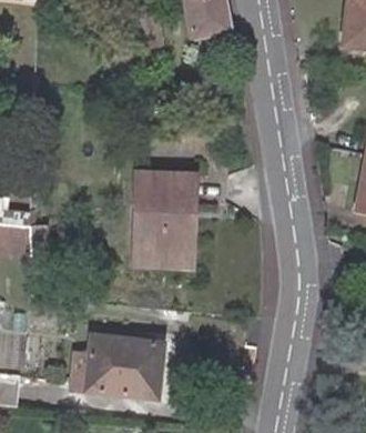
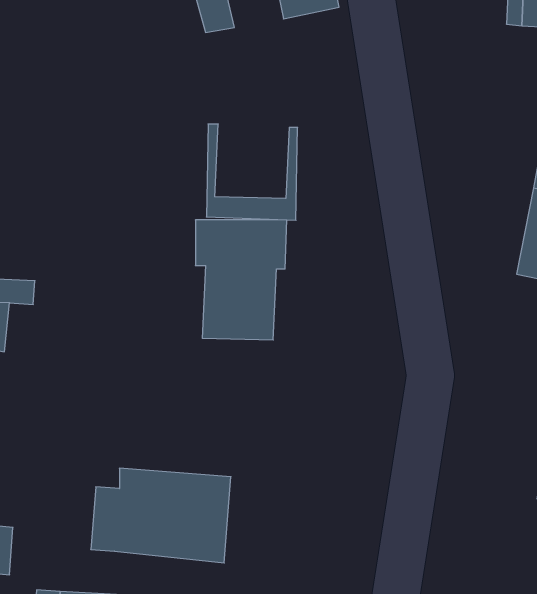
building: [136,203,196,266] -> [206,124,298,220]

